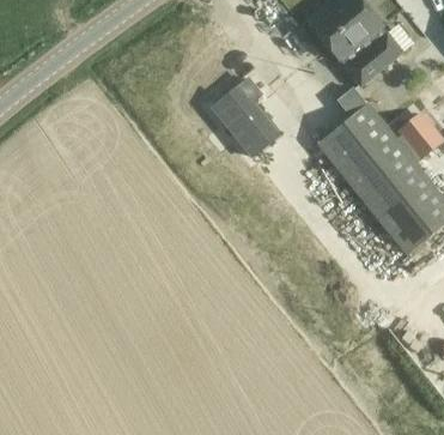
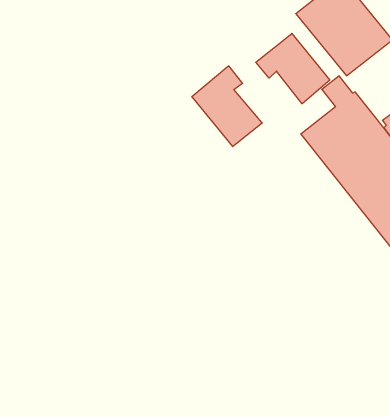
building: none -> [256,33,330,104]

